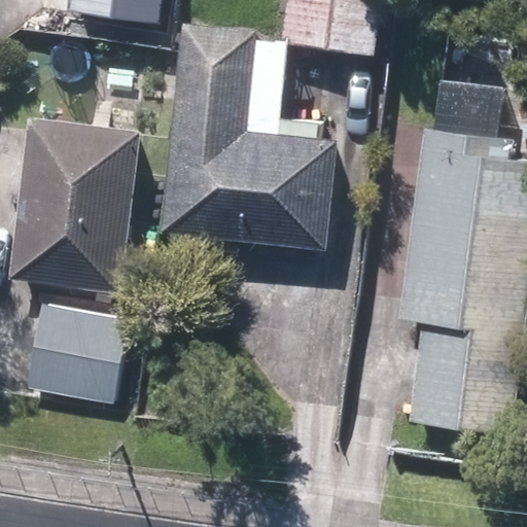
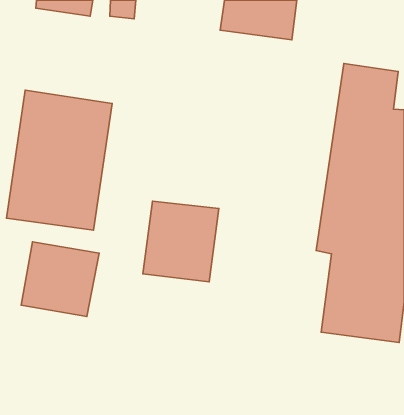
building: [164,26,320,242] -> none
building: none -> [143,201,219,282]

